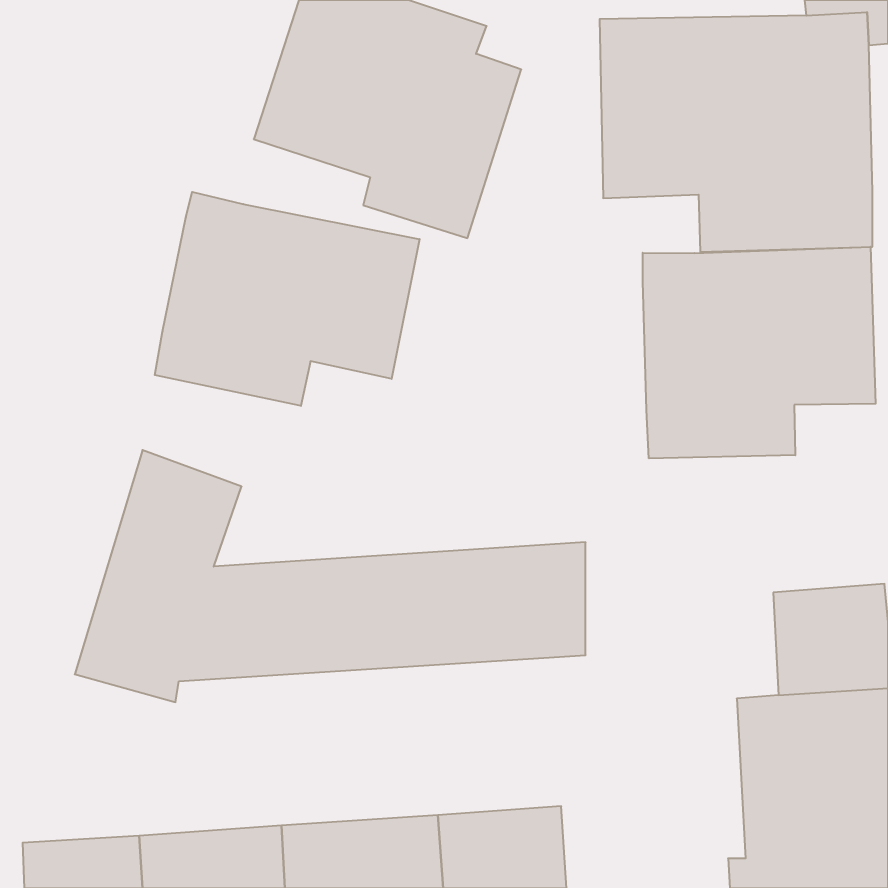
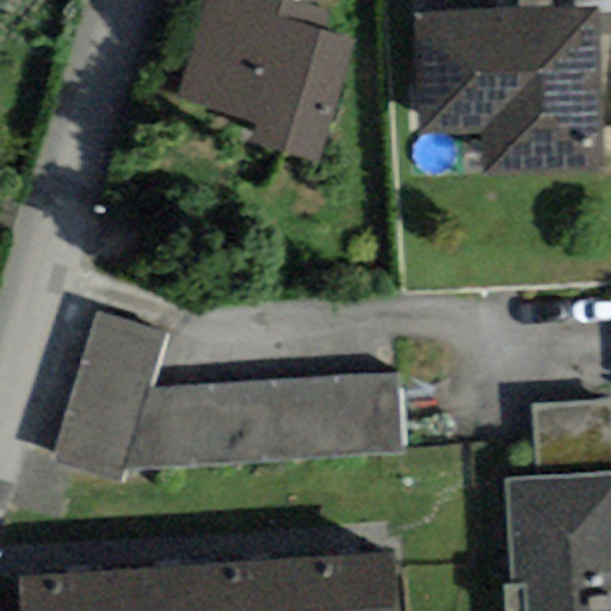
building: [155,192,420,406] -> none
building: [643,247,876,458] -> none

